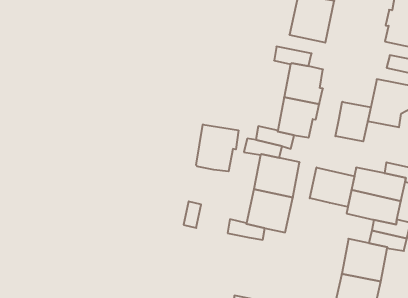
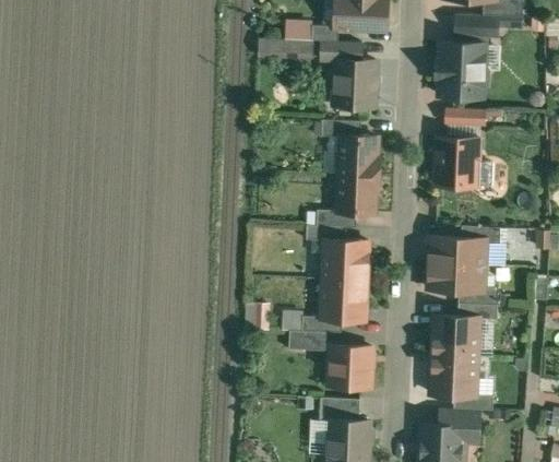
building: [335,102,371,141] -> none
building: [196,124,238,171] -> none
building: [310,167,354,207] -> none
building: none -> [289,331,326,351]
building: none -> [329,345,372,387]

